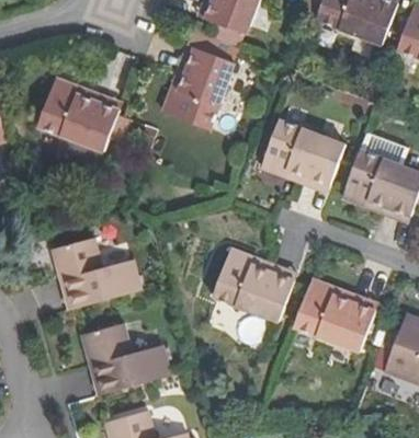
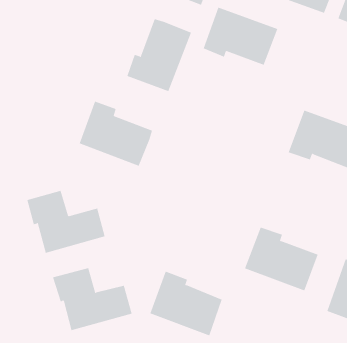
building: [36,78,118,150] -> [79,101,153,166]
building: [261,119,344,184] -> [203,7,278,65]
building: [213,247,294,320] -> [149,271,223,336]

